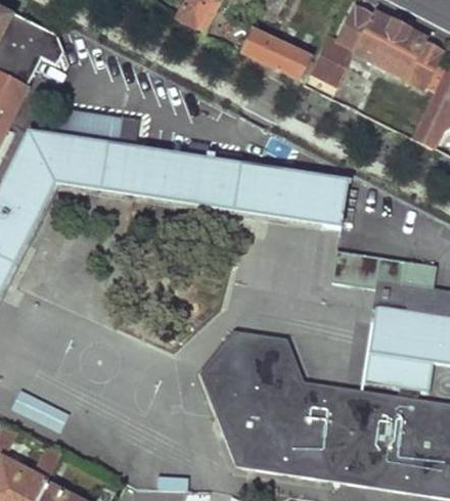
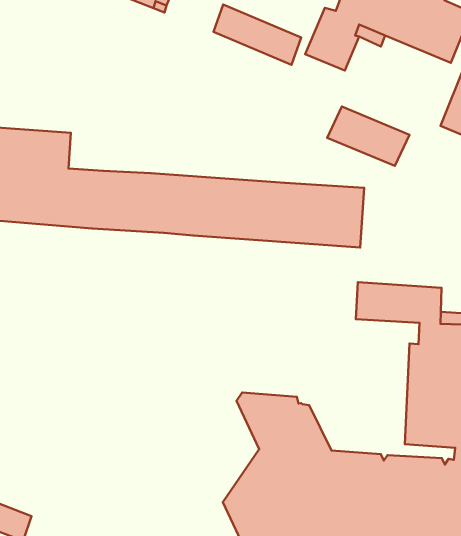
building: none -> [327,107,409,166]
building: [200,328,249,413] -> none

